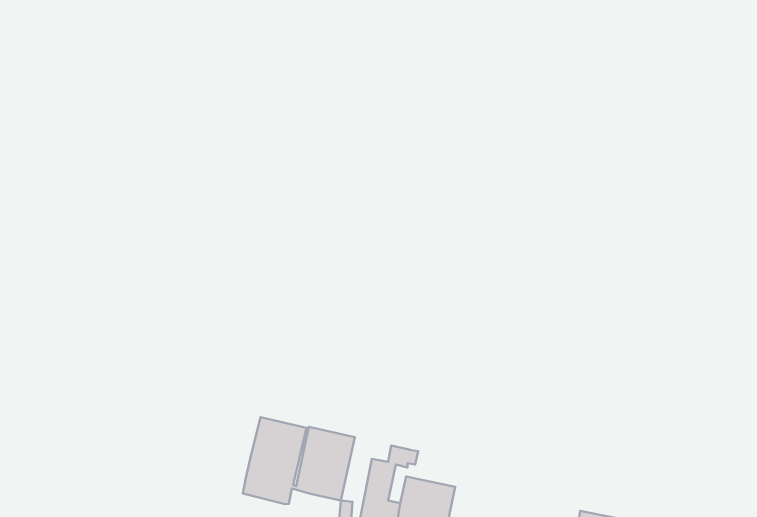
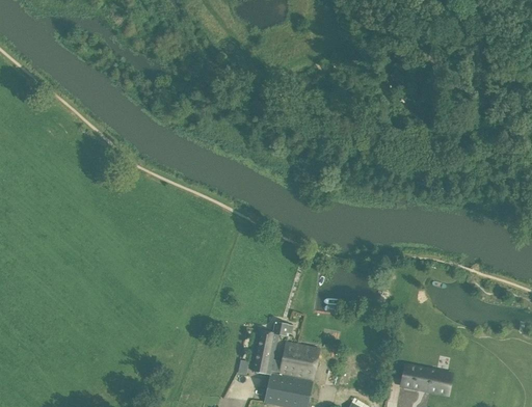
building: [243,417,355,504] -> none

